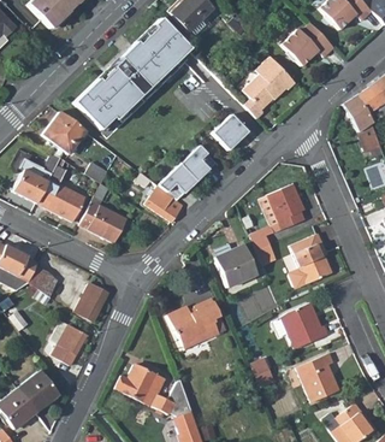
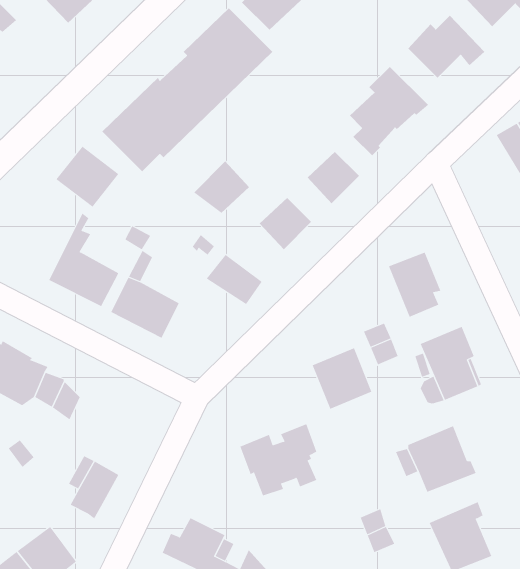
building: [14,152,61,202] -> none
building: [160,164,199,200] -> [193,161,250,214]
building: [75,282,108,320] -> none

